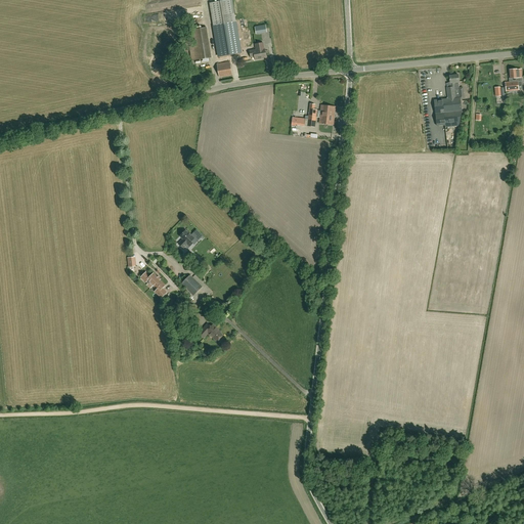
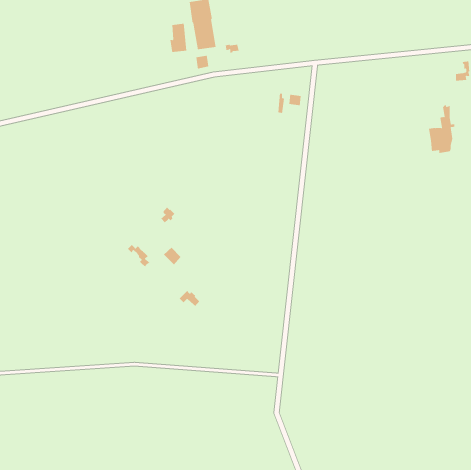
building: [434,73,464,127] -> [428,105,455,153]

